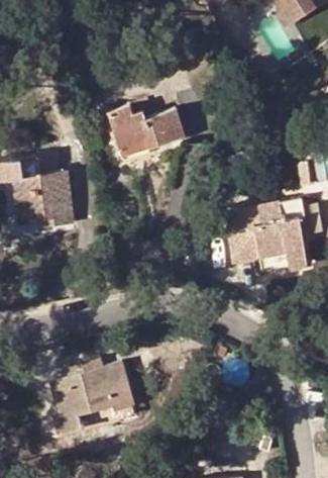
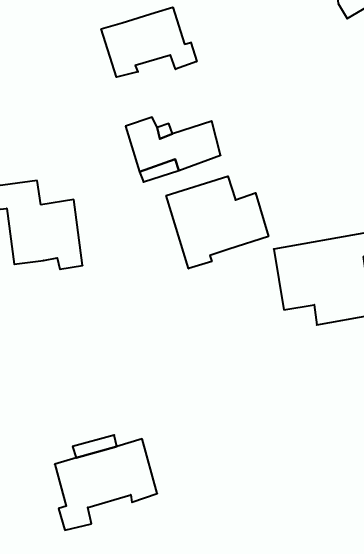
building: none -> [101,7,197,77]
building: none -> [166,176,268,269]

